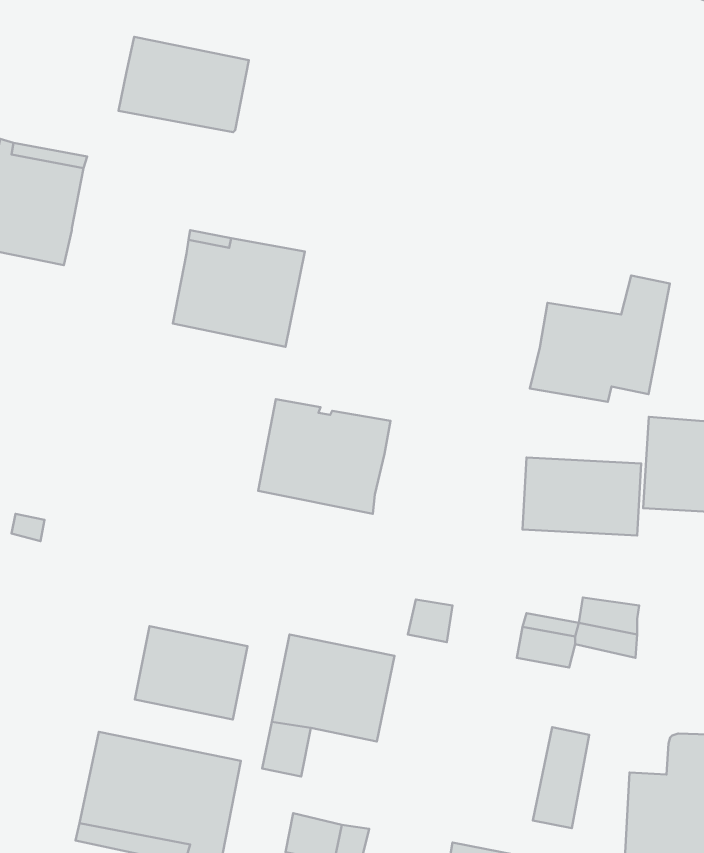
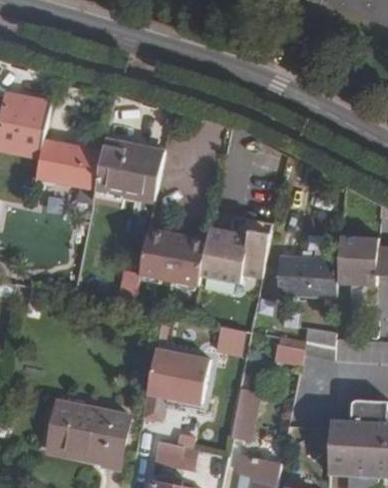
building: [119,37,249,132] -> [35,139,102,188]
building: [530,276,670,402] -> [200,217,272,283]
building: [135,626,248,720] -> none
building: [533,727,589,828] -> [230,389,259,441]

